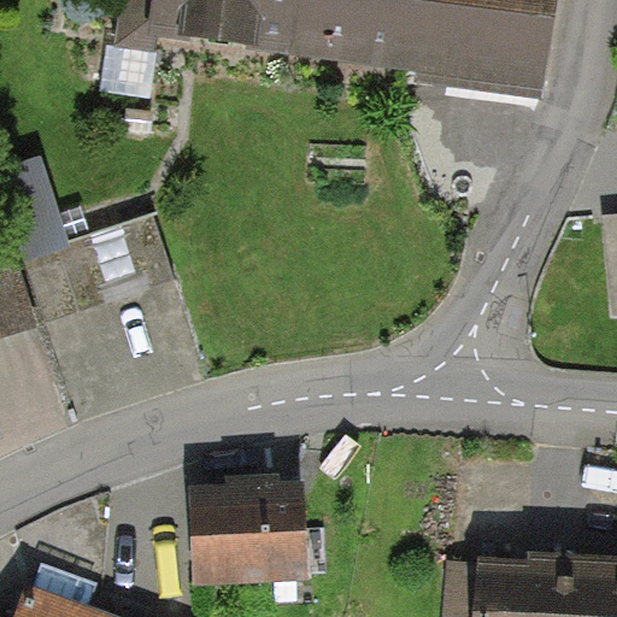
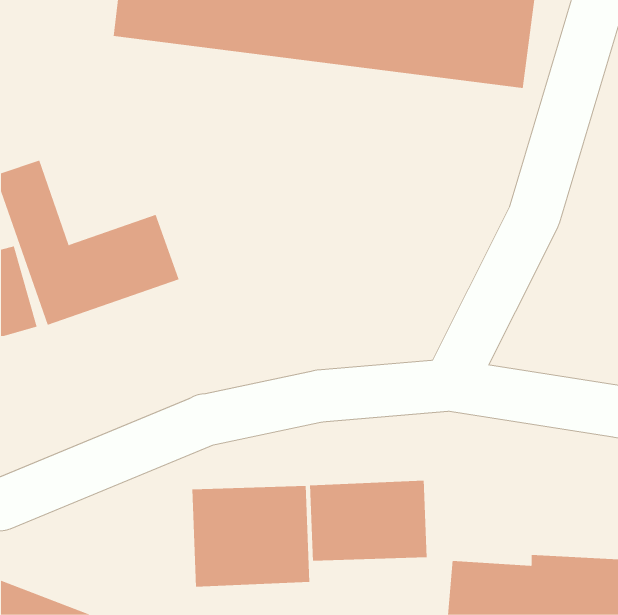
building: none -> [310,480,427,562]

